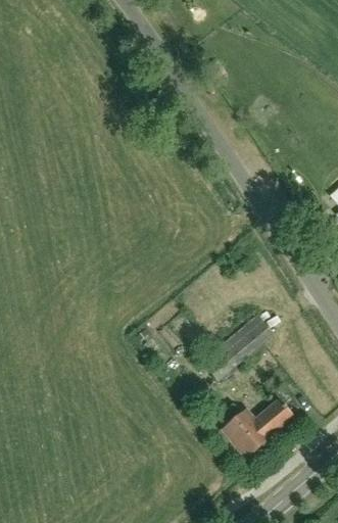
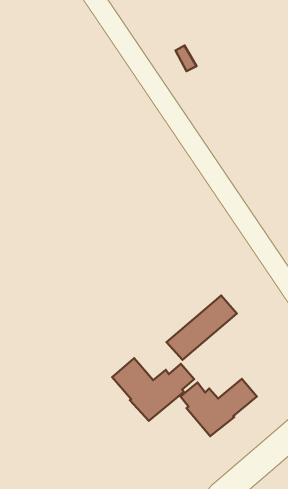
building: none -> [112,358,194,421]

